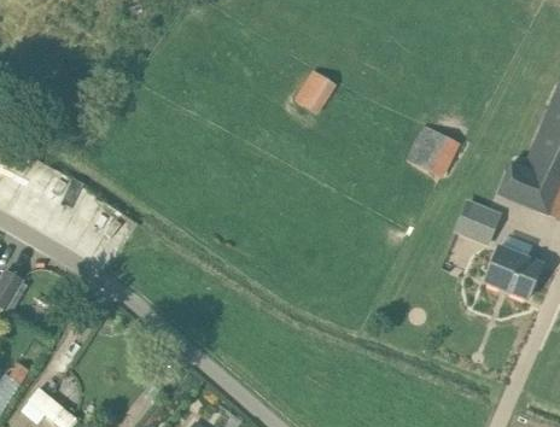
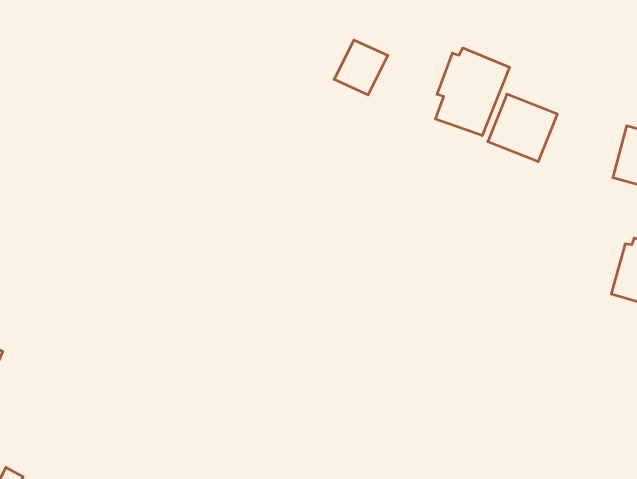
building: none -> [435,48,509,136]
building: [454,200,501,247] -> none

